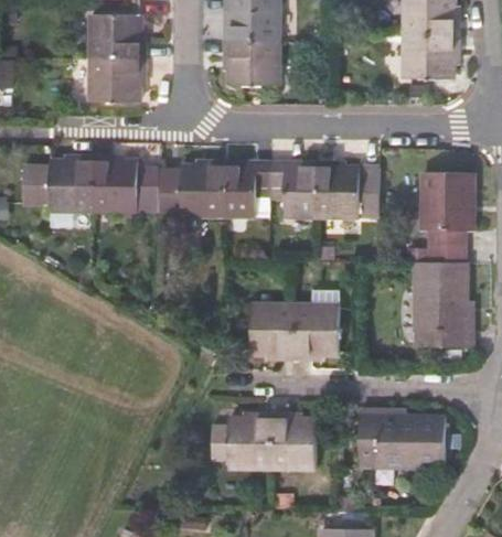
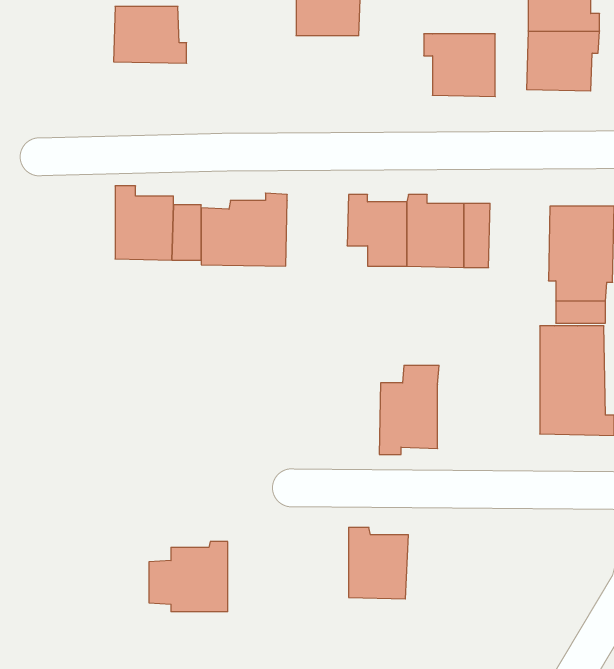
building: [224,42,278,89] -> [424,34,495,97]
building: [93,62,148,106] -> none
building: [24,155,94,211] -> none
building: [223,161,270,216] -> none
building: [250,304,295,358] -> none
building: [363,408,446,464] -> none
building: [211,414,270,466] -> [149,542,228,612]

